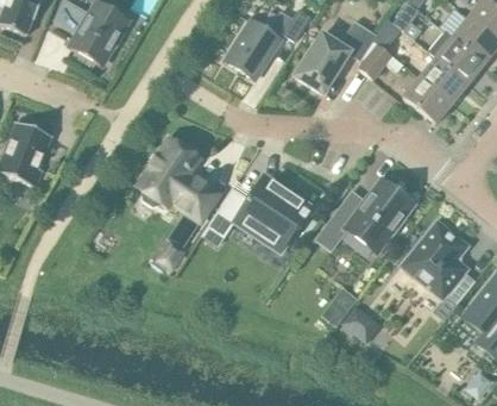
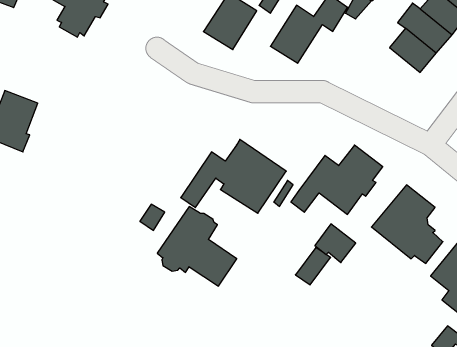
building: [357,42,403,80] -> none
building: [403,77,452,124] -> none
building: [137,138,220,221] -> [157,207,237,286]
building: [340,304,383,344] -> [315,224,356,263]

